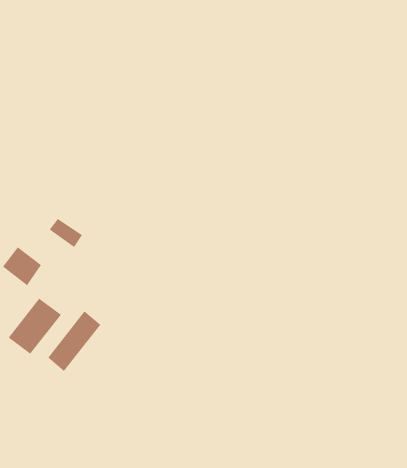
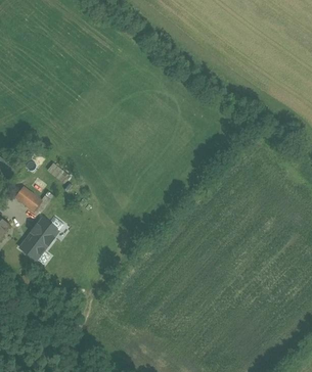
building: [47,311,101,372] -> none

